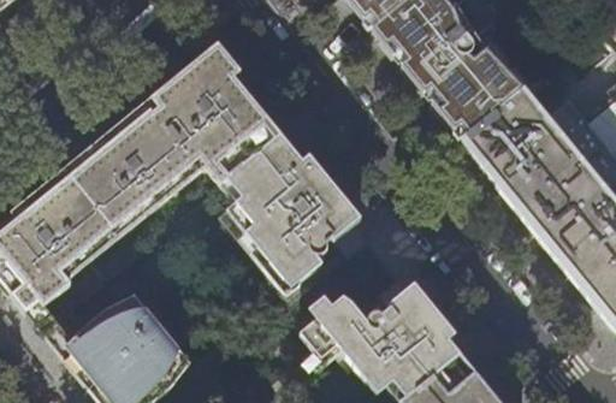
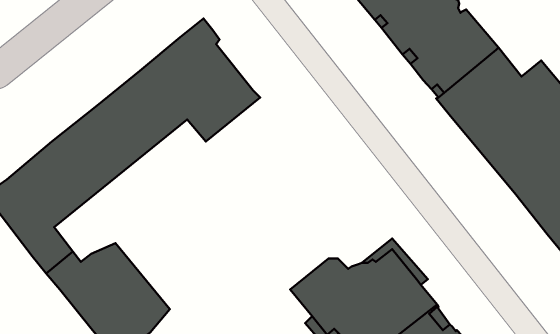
building: [221,135,351,292] -> none

